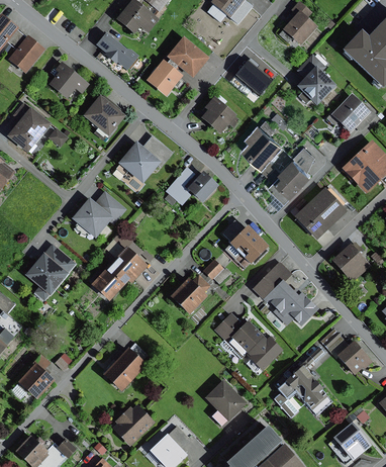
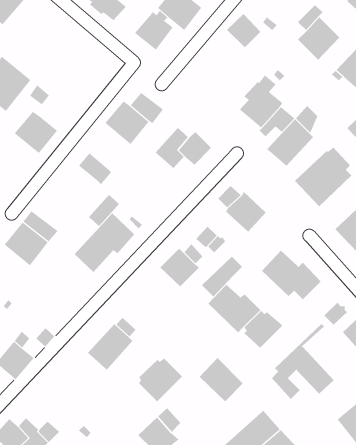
building: [49,62,88,99] -> none
building: [82,93,126,136] -> none
building: [201,95,236,133] -> none
building: [71,198,111,238] -> [14,111,58,154]
building: [252,261,290,299] -> [201,256,243,297]
building: [112,404,154,446] -> [138,358,183,403]

